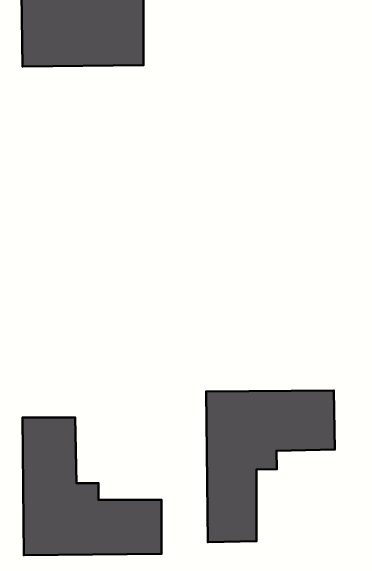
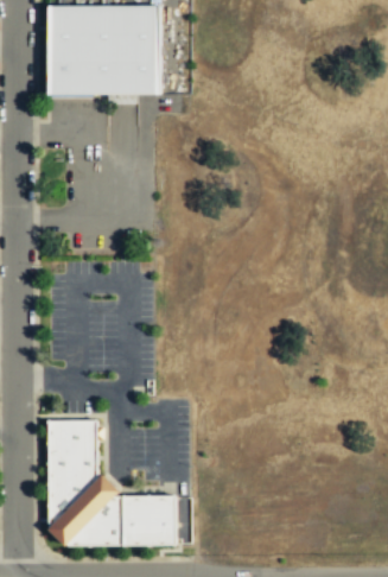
building: [206,390,335,542] -> none

